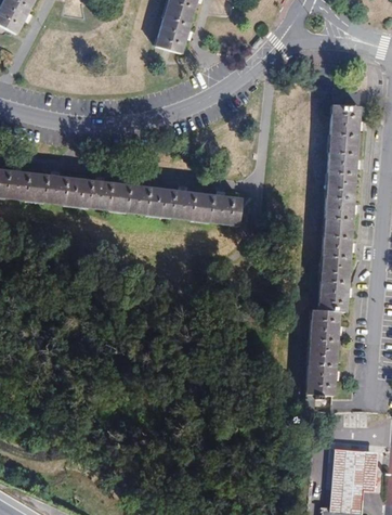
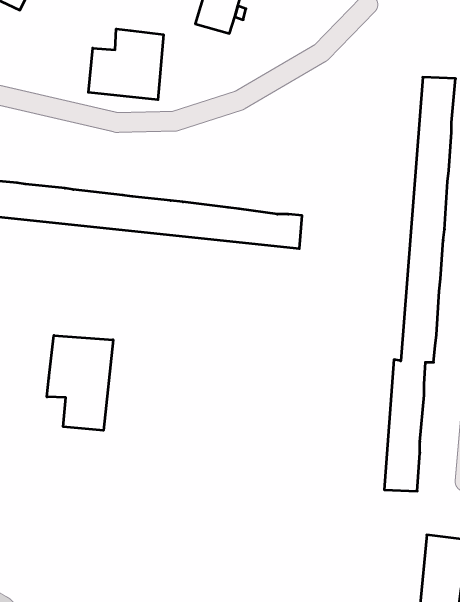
building: none -> [88,29,163,100]
building: none -> [47,335,113,430]

